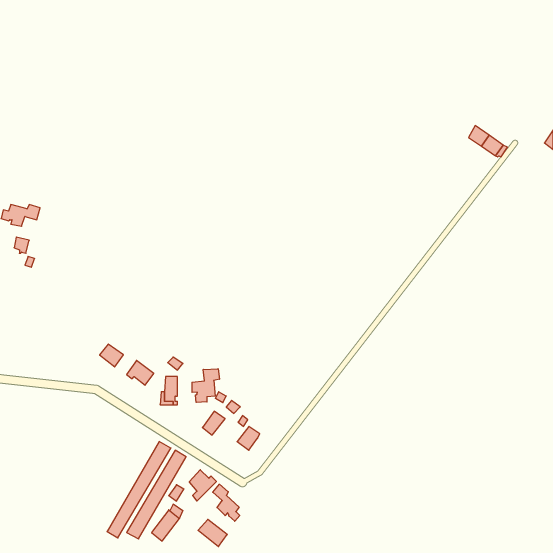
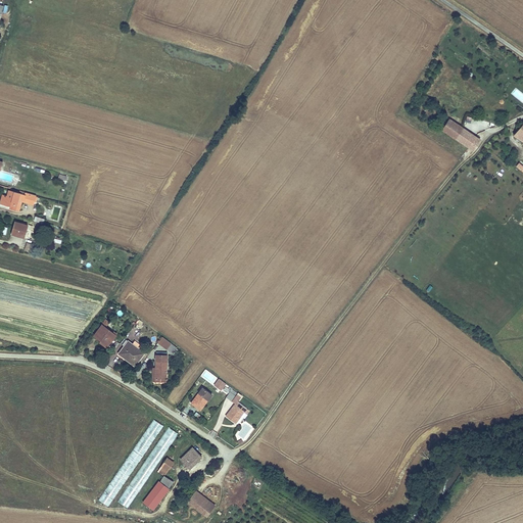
building: [192,369,219,402] -> none
building: [213,484,240,521] -> none

